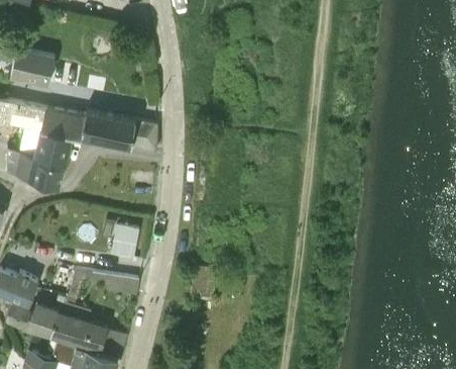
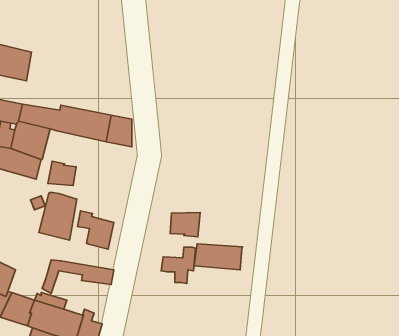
building: none -> [48,161,76,185]
building: none -> [39,193,77,240]
building: none -> [170,213,200,237]
building: none -> [194,244,242,270]

